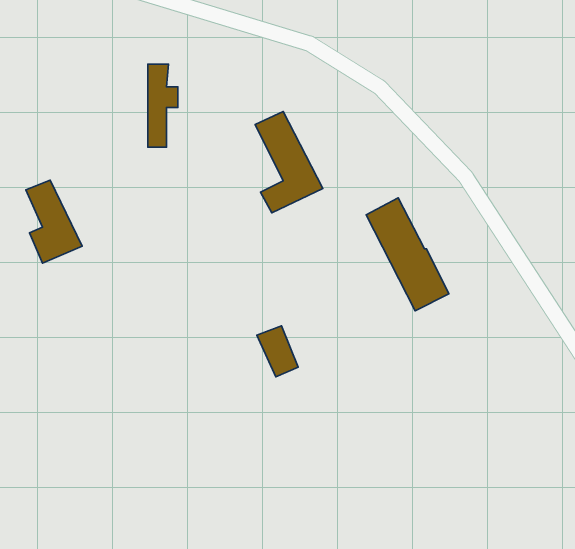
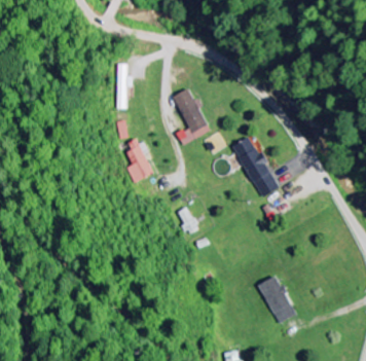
building: [26,180,82,263] -> [122,138,153,183]
building: none -> [259,274,297,322]

